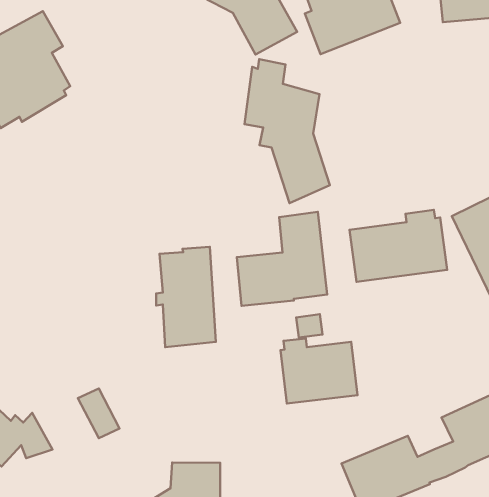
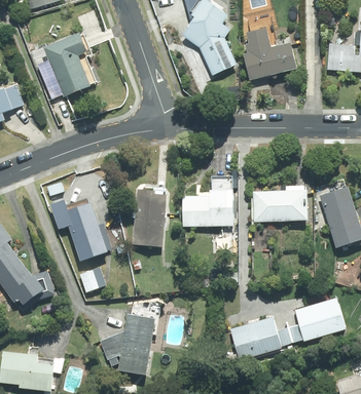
building: [244,59,330,203] -> none
building: none -> [50,197,109,259]
building: [281,338,357,403] -> none

